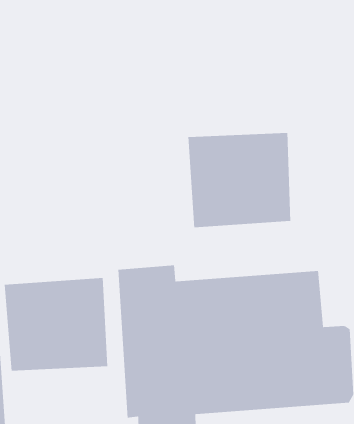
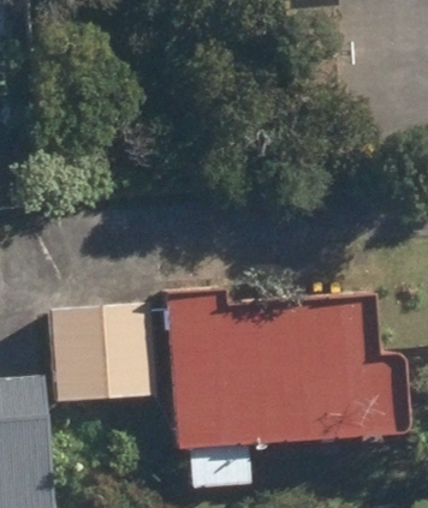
building: [188,132,291,228] -> none

